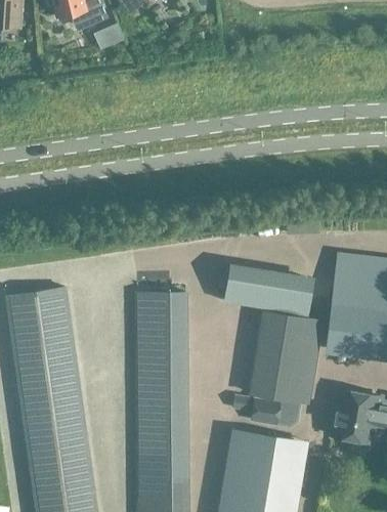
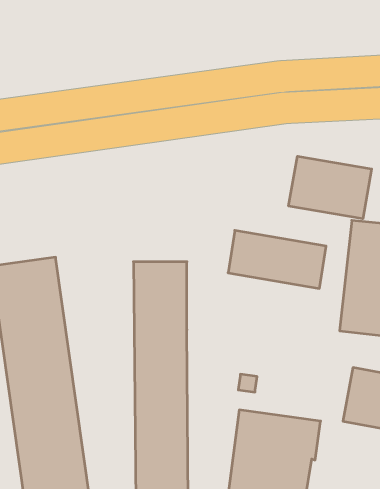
building: none -> [289,156,372,219]
building: [249,313,321,426] -> none

